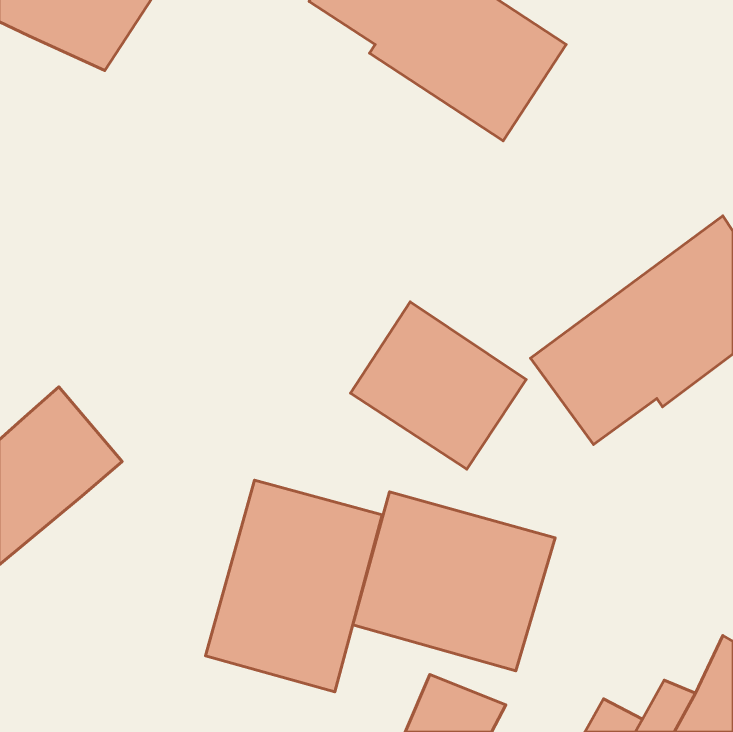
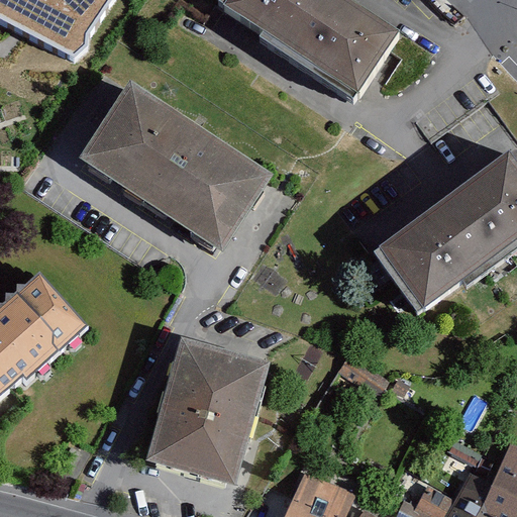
building: none -> [79,79,272,248]
building: [351,302,526,469] -> none
building: [353,492,555,671] -> none

